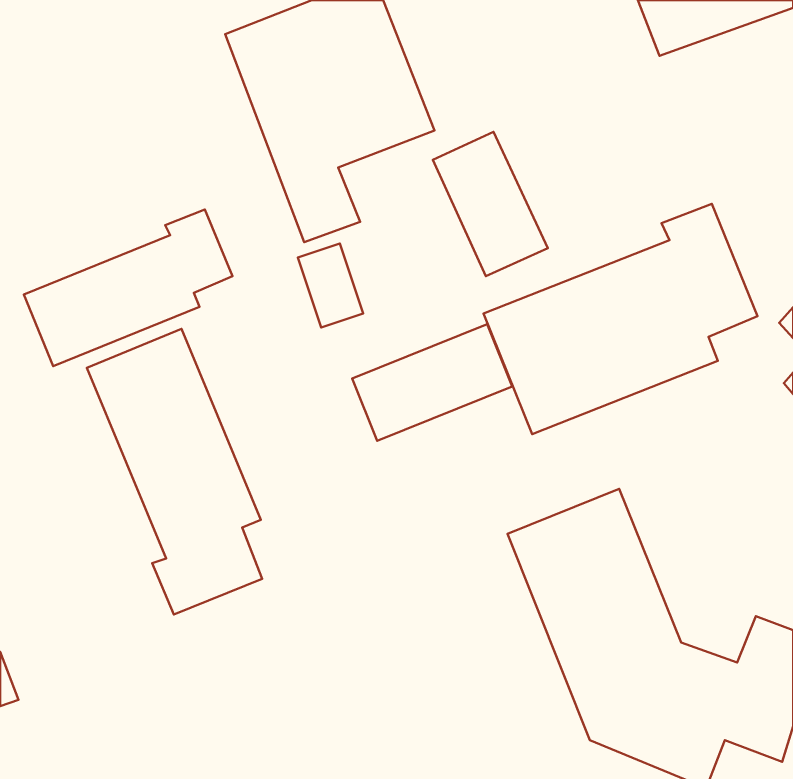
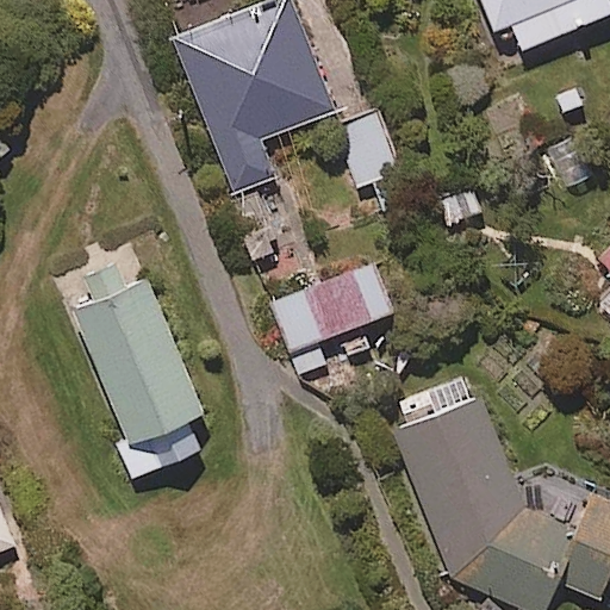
building: [484,204,757,434] -> none
building: [24,210,232,366] -> none

